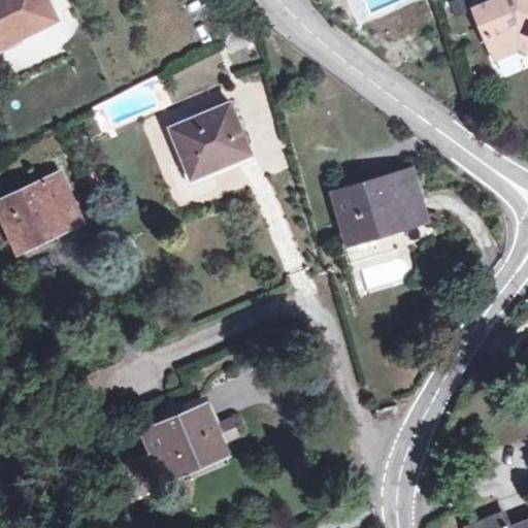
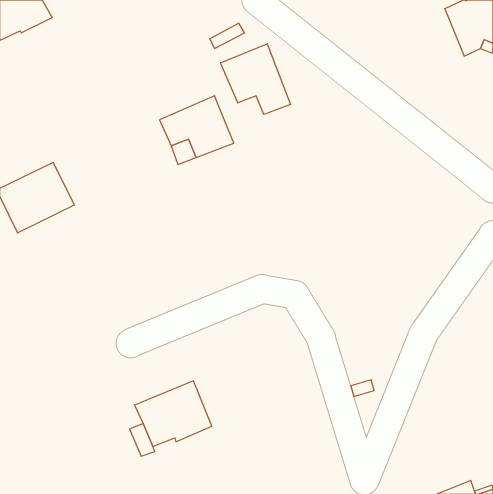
building: none -> [221,44,290,114]
building: [334,171,424,241] -> none

